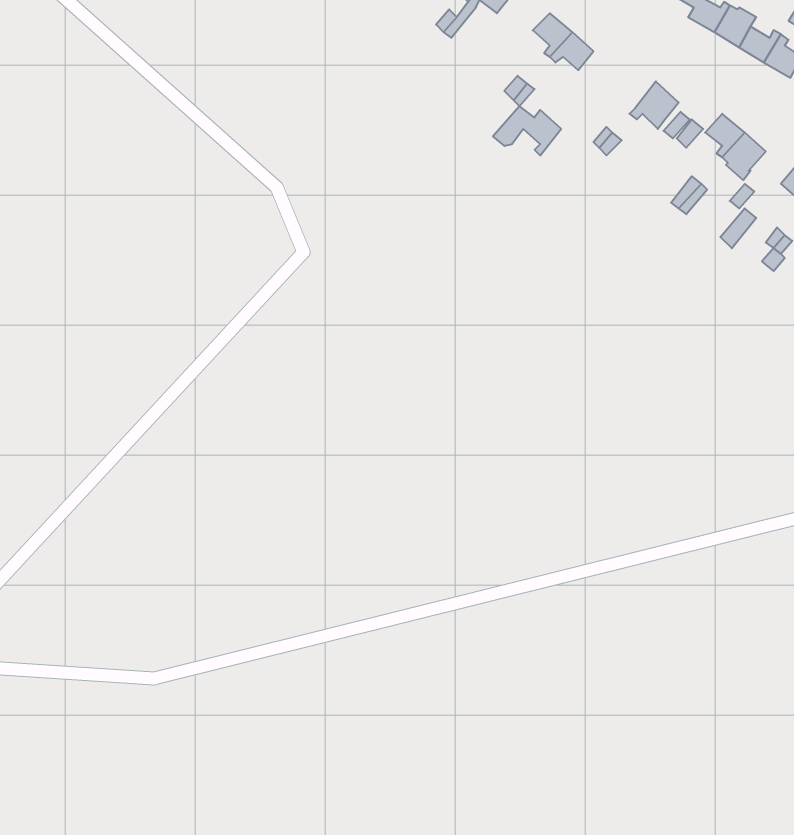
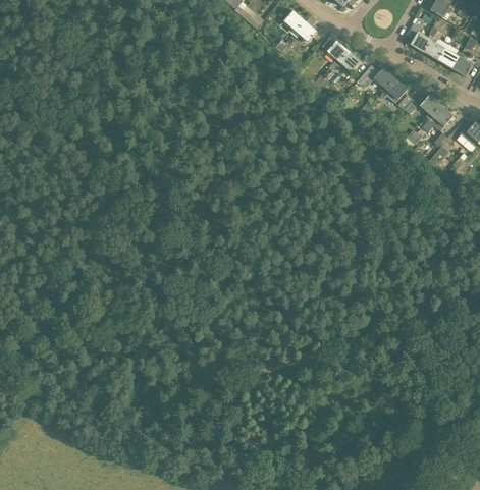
building: [493,106,561,155] -> [357,65,393,92]

